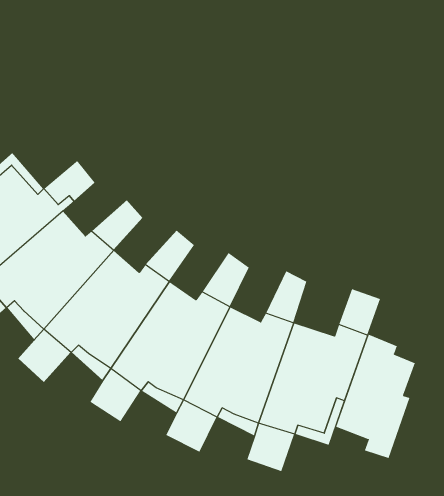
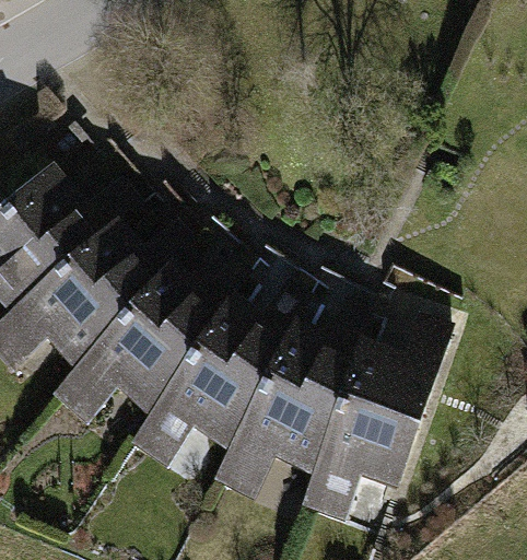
building: [336,334,415,459] -> none

